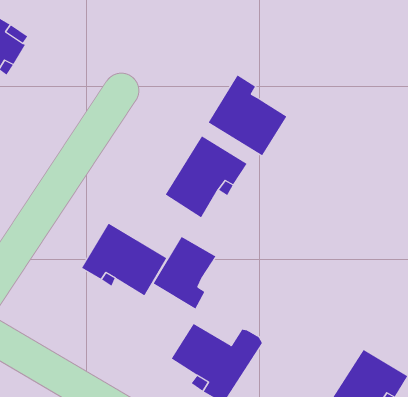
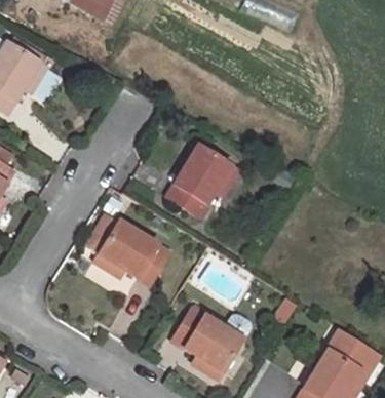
building: [208,75,287,156] -> none
building: [153,236,216,309] -> none

